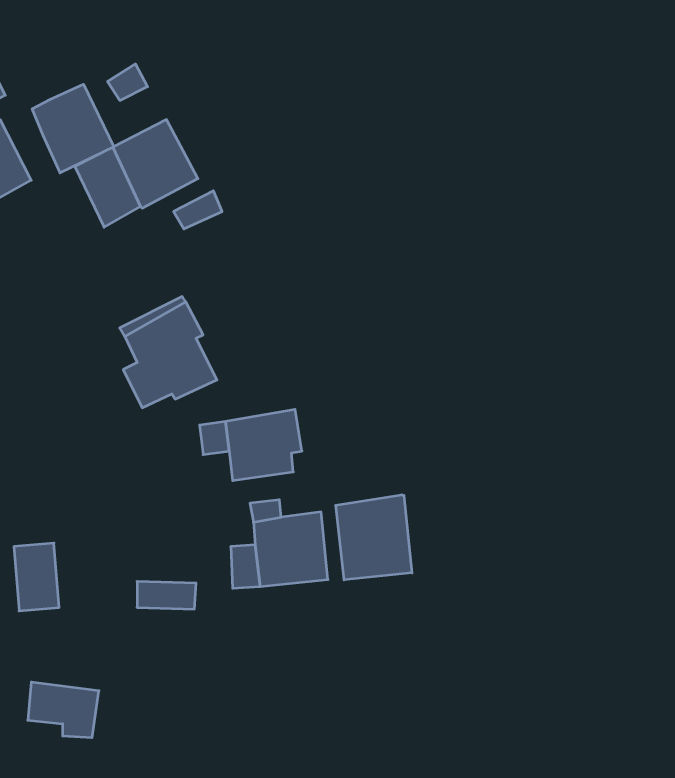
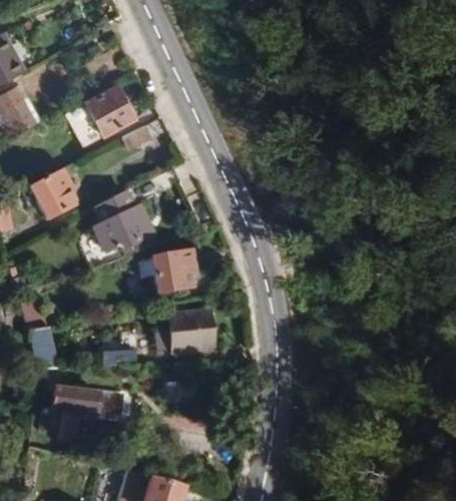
building: [32,84,114,173] -> none
building: none -> [31,168,76,217]
building: [336,495,412,580] -> none
building: none -> [53,388,124,419]

